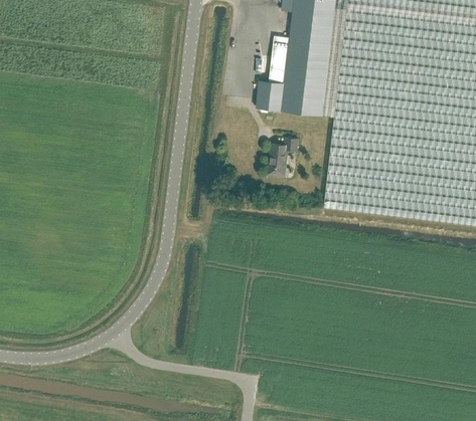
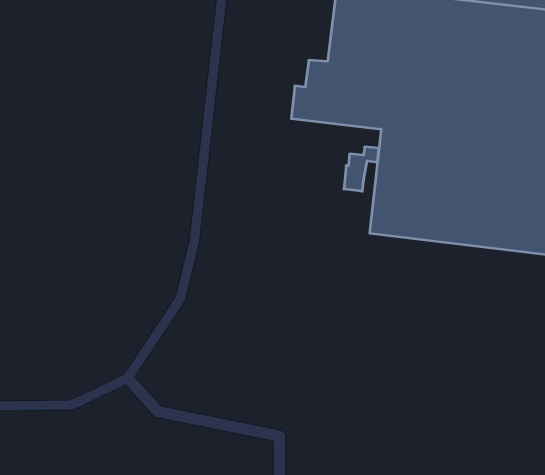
building: [268,138,298,176] -> [344,147,379,191]

